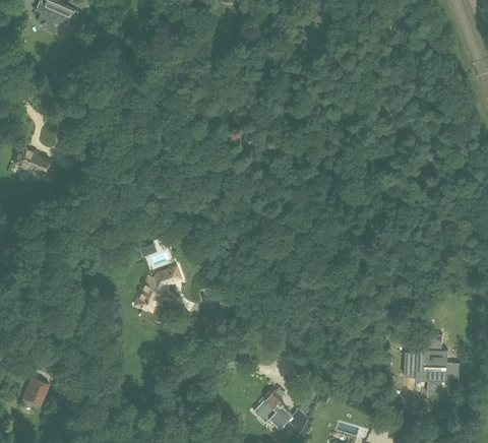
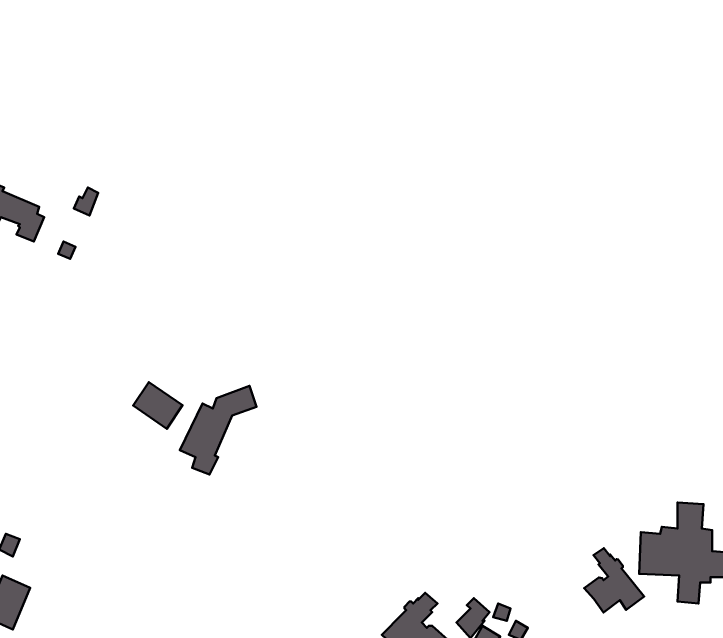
building: none -> [133,382,182,429]
building: none -> [584,548,644,612]

